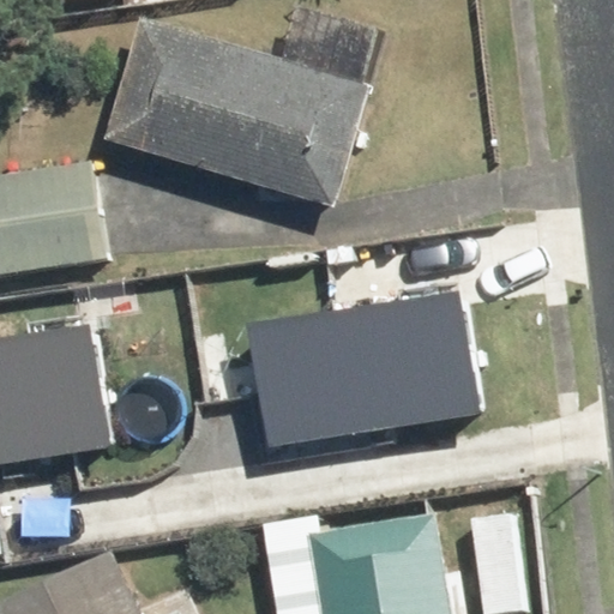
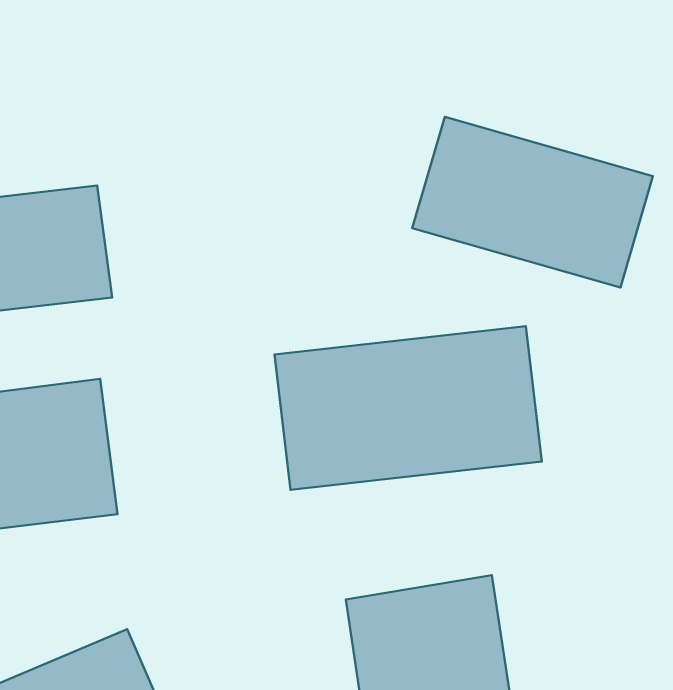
building: [108,22,365,204] -> none
building: none -> [412,117,653,287]

